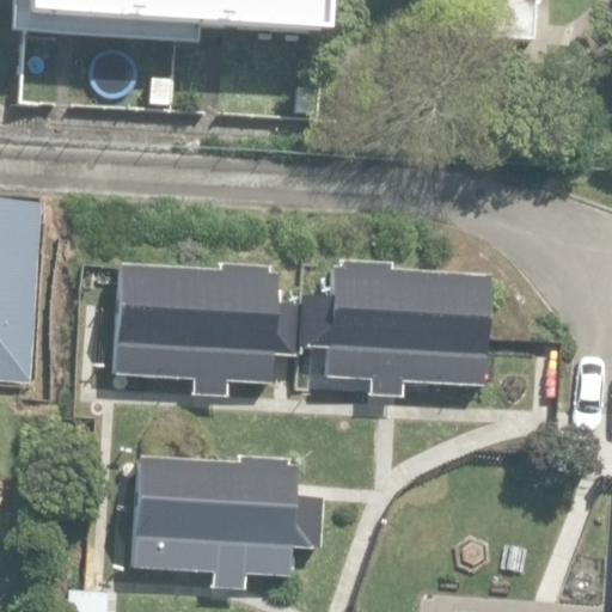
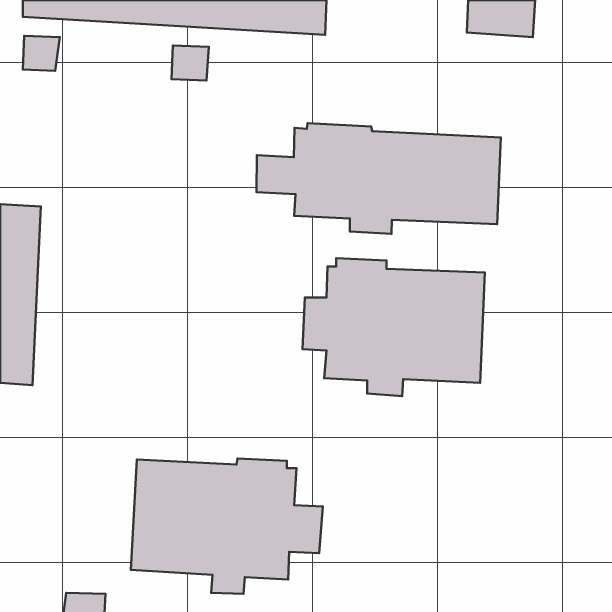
building: none -> [257,123,501,234]
building: [106,255,298,390] -> none

